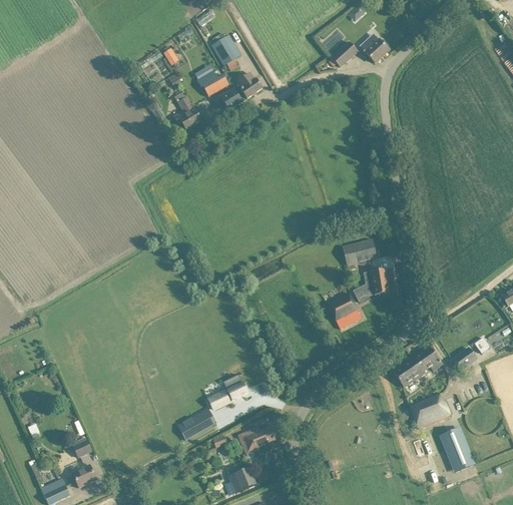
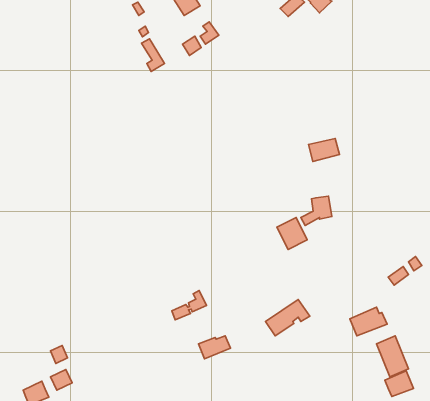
building: [198,68,228,96] -> none
building: [342,238,377,265] -> [308,138,339,161]
building: [393,346,443,387] -> [265,299,310,336]
building: [177,408,216,439] -> none
building: none -> [385,371,414,397]
building: [223,466,256,492] -> none

